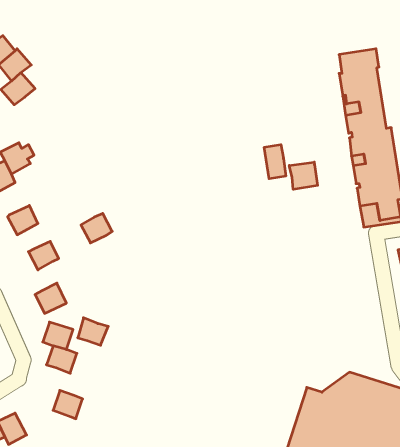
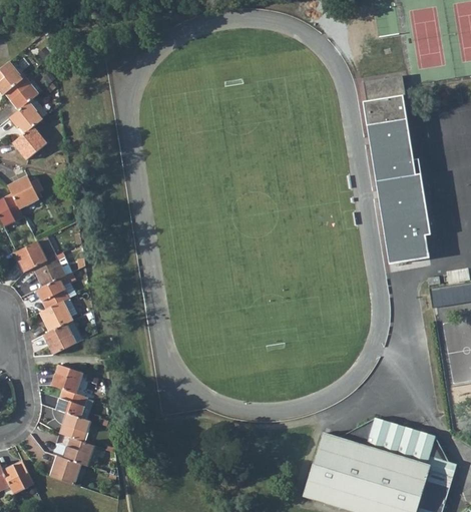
building: none -> [11,127,45,160]
building: [264,145,286,179] -> none
building: [289,162,318,189] -> none
building: [81,213,112,243] -> [31,257,64,288]
building: none -> [39,301,71,332]
building: [78,318,108,345] -> [58,413,90,442]
building: none -> [48,455,80,486]

